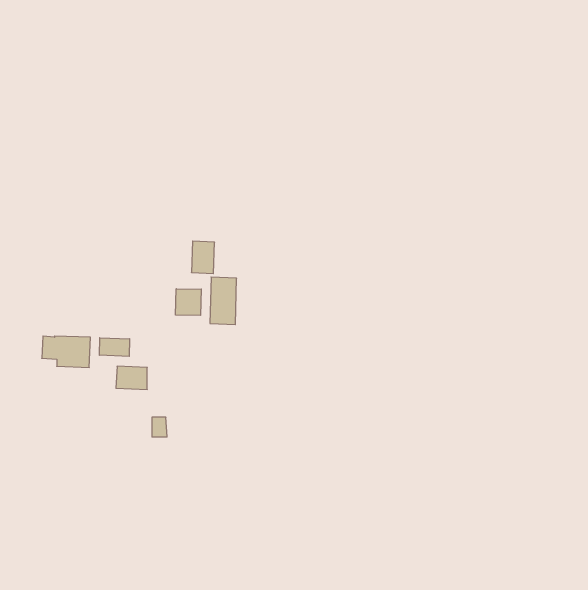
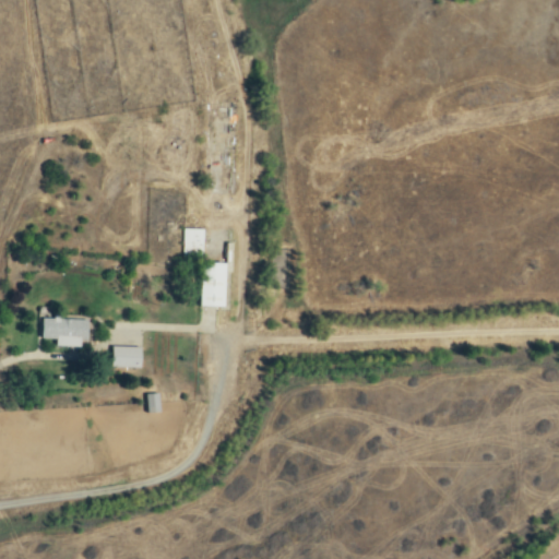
building: [176,289,201,315] -> none
building: [99,338,130,356] -> none

